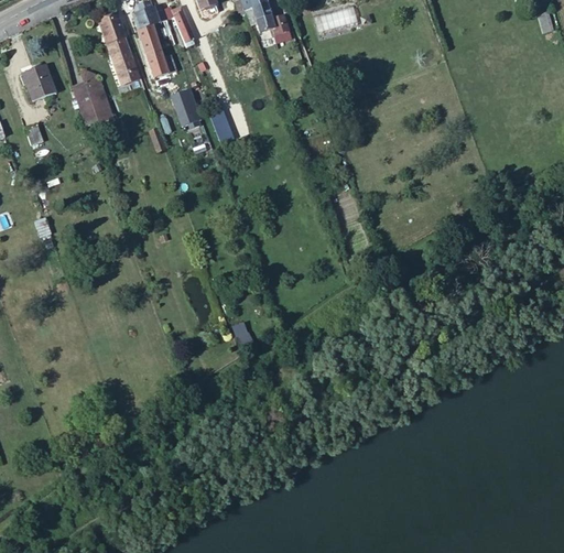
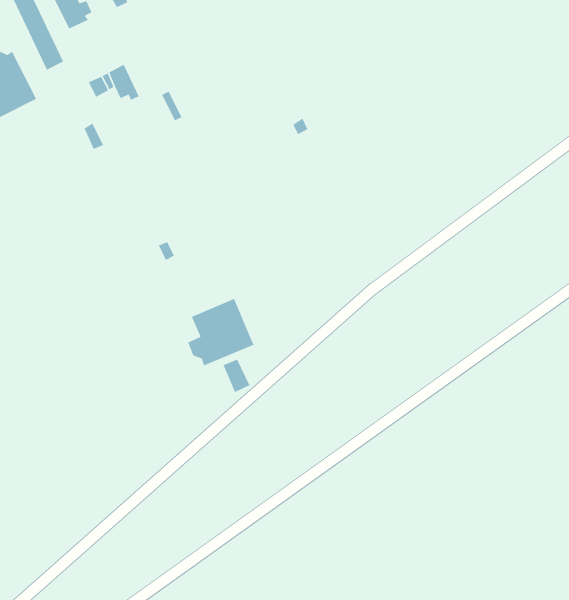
building: [145,50,175,79] -> none
building: none -> [187,298,254,367]

